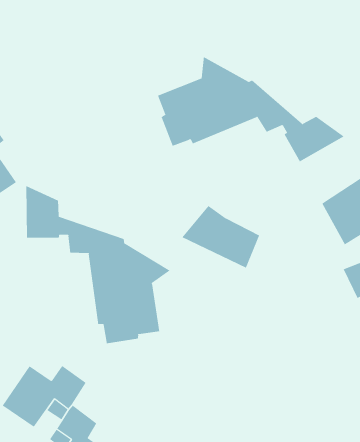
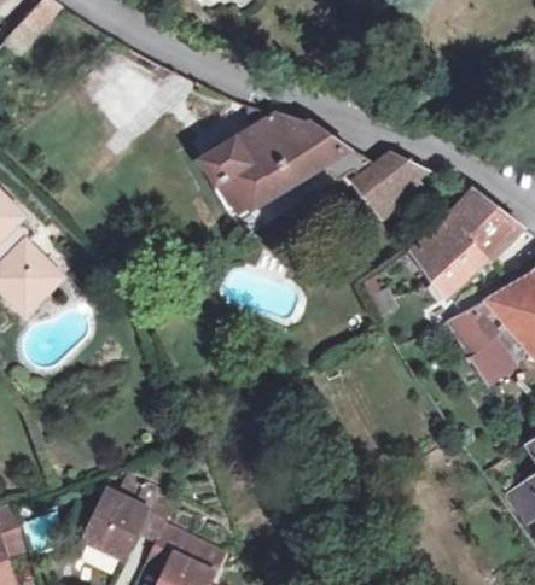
building: [26,185,171,344] -> none
building: [181,205,260,269] -> none

